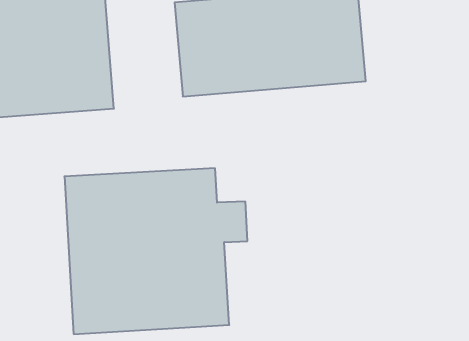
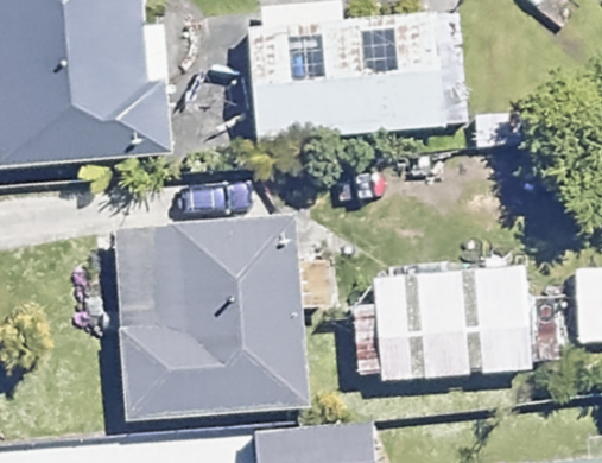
building: none -> [370,267,526,378]

